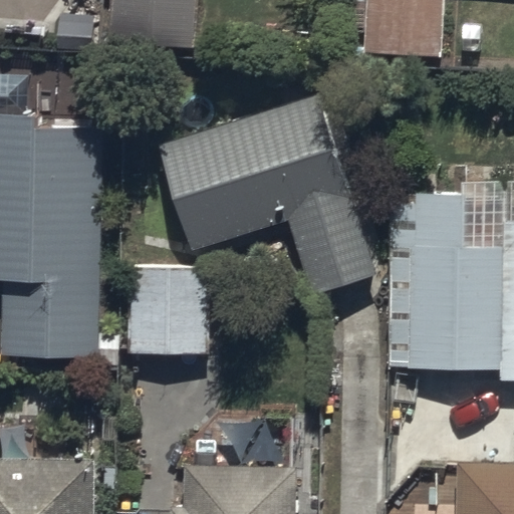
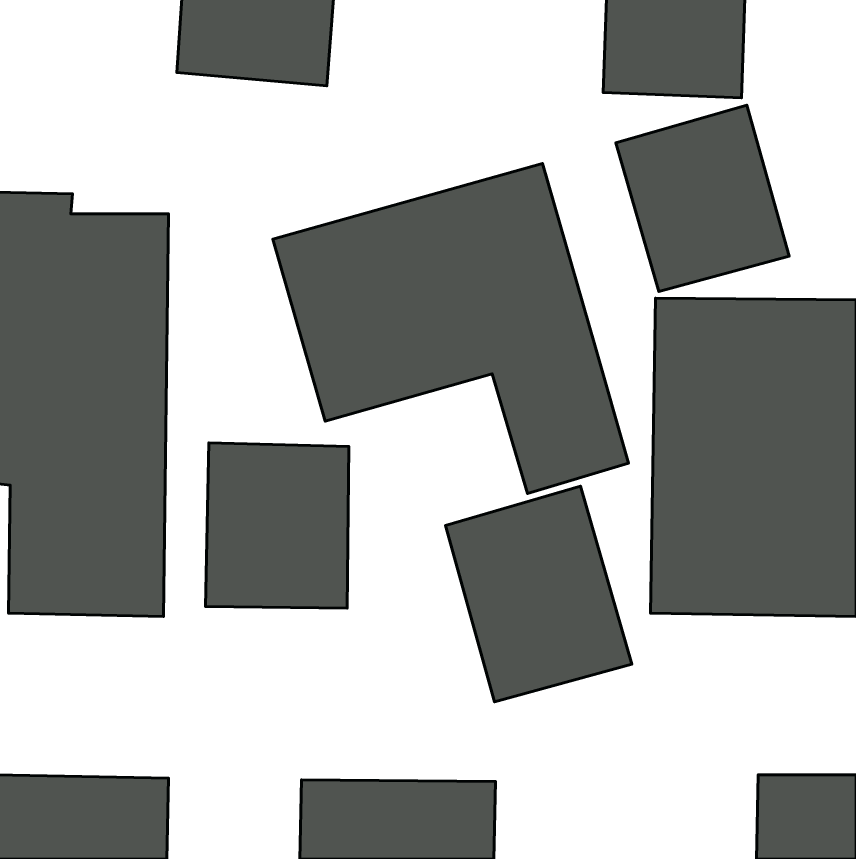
building: none -> [616,105,789,292]
building: none -> [446,486,632,702]

